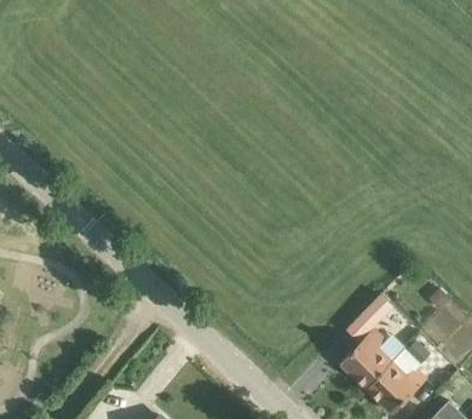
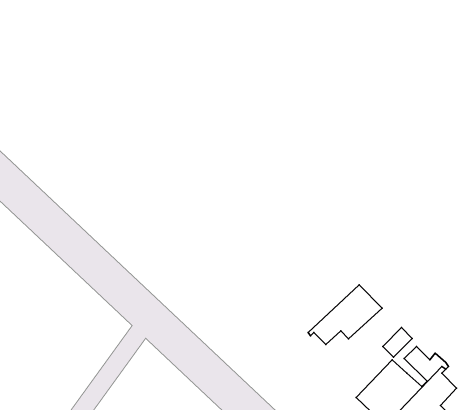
building: none -> [308,285,382,345]

